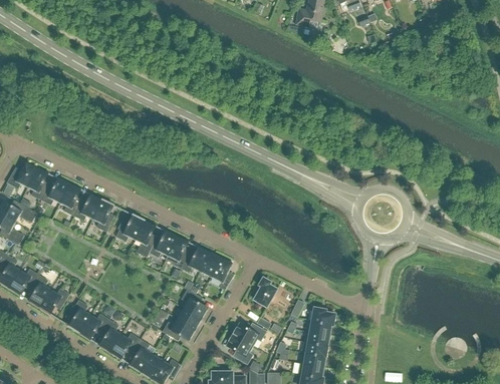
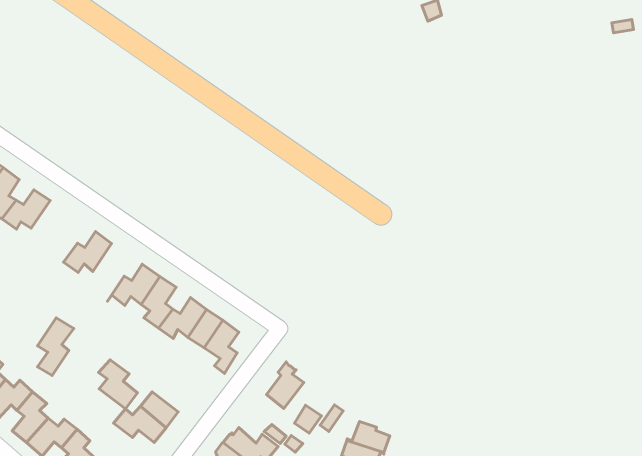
building: [92,199,112,231] -> none
building: [135,220,156,256] -> [37,318,74,375]
building: [181,289,207,318] -> [99,360,138,409]

